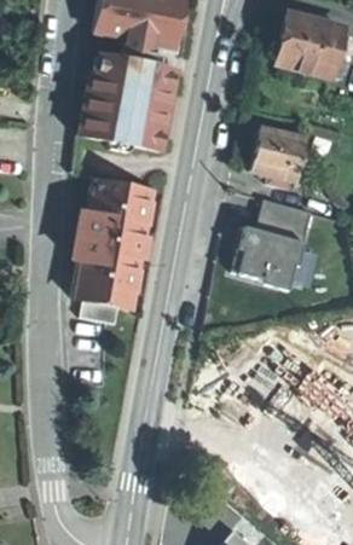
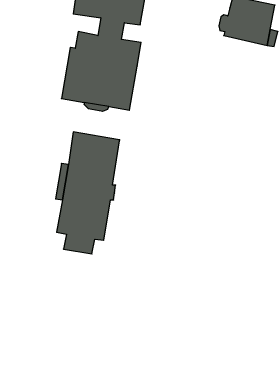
building: [254,124,308,179] -> none
building: [233,201,316,290] -> none

